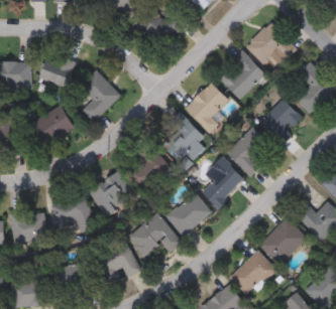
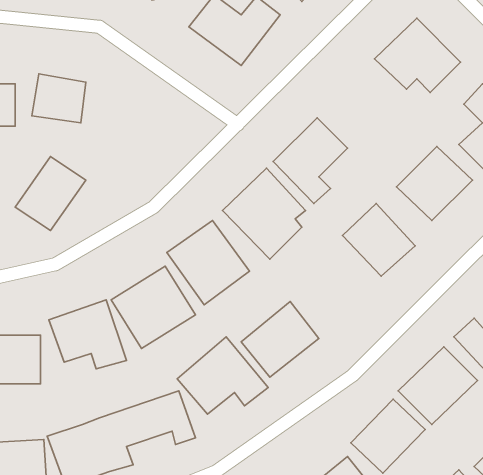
building: [218,51,265,99] -> none
building: [76,69,121,121] -> none
building: [201,156,245,207] -> none

